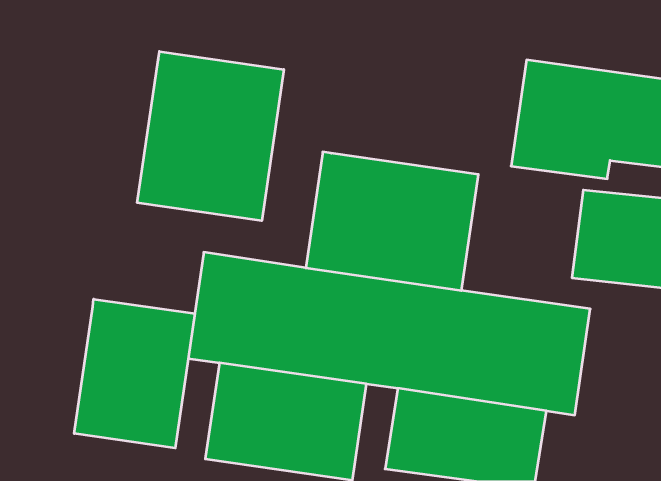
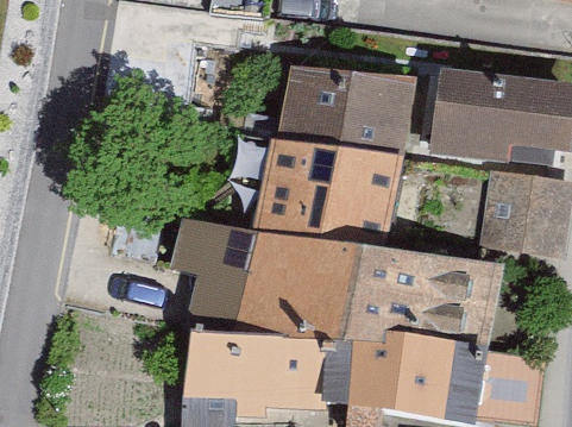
building: [137,51,284,221] -> none
building: none -> [281,62,415,157]
building: [74,299,195,448] -> none

